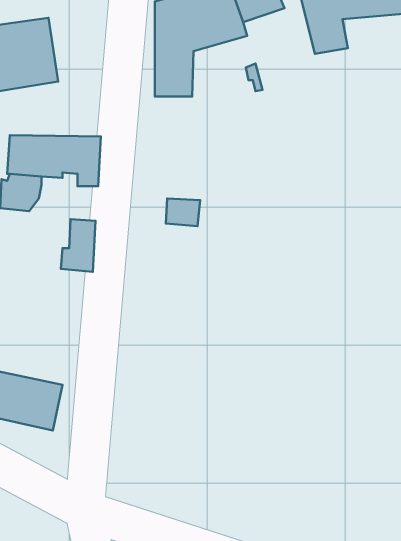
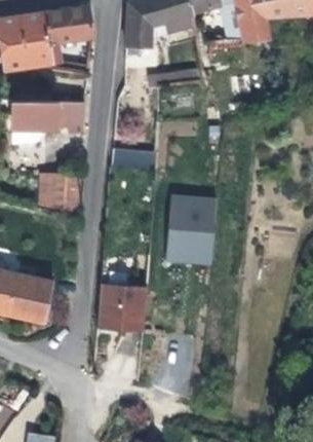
building: none -> [46,8,92,65]
building: none -> [164,191,214,259]
building: none -> [95,287,146,338]

